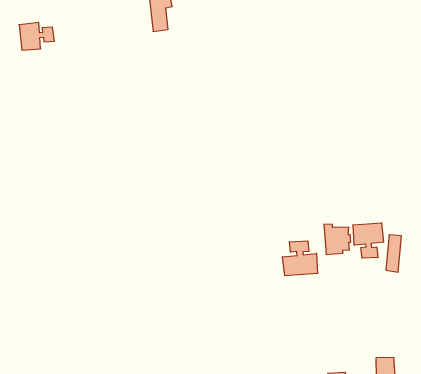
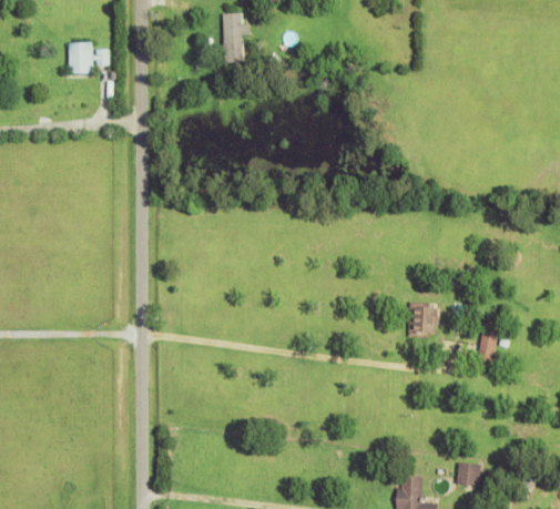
building: [353,223,384,258] -> none
building: [283,241,318,276] -> none

